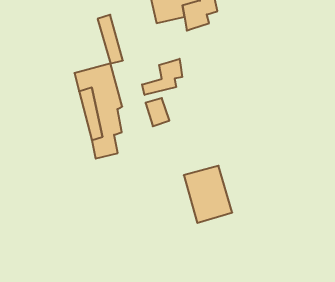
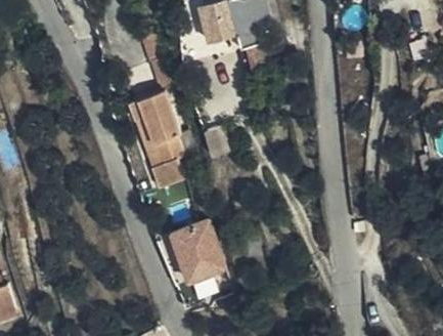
building: [142,59,182,95] -> none
building: [184,166,232,223] -> [171,219,225,282]

